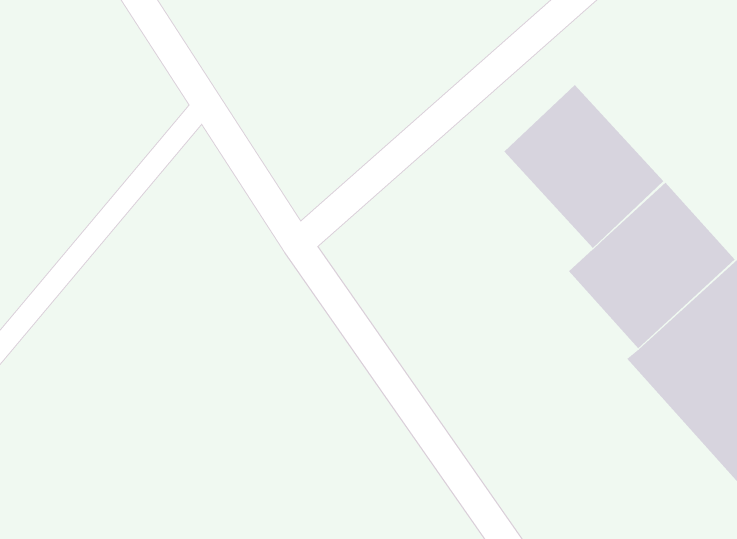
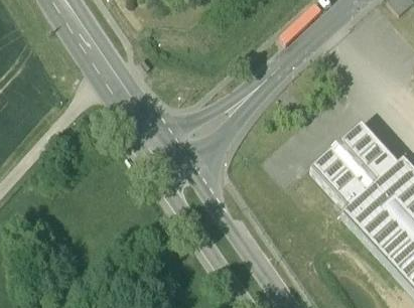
building: [503,84,664,249] -> none

